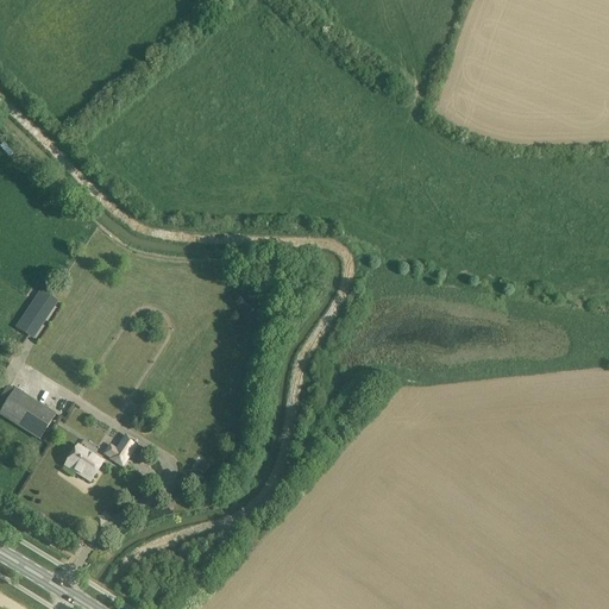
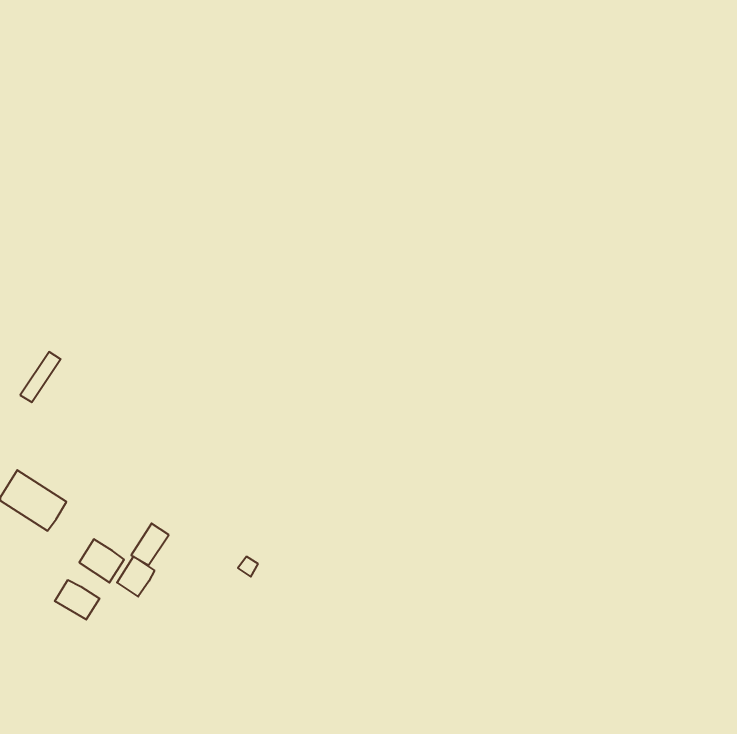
building: none -> [117,556,154,597]
building: none -> [55,580,99,620]

